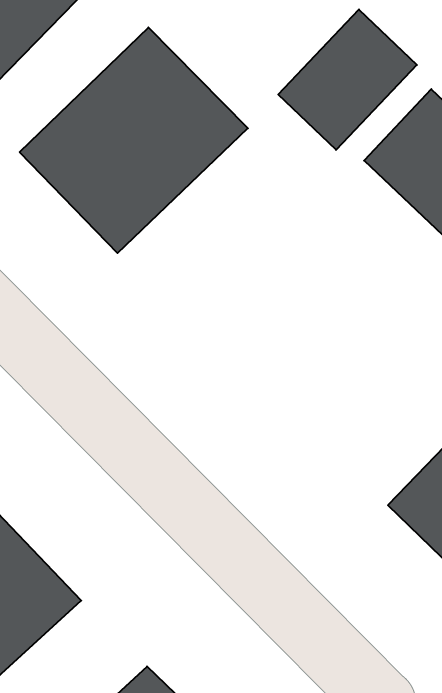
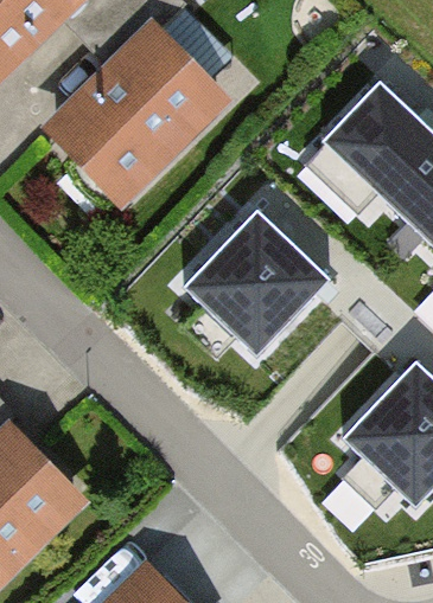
building: [278,9,417,150] -> none
building: none -> [185,207,330,352]

